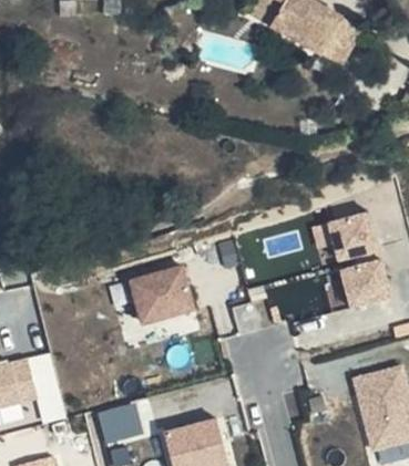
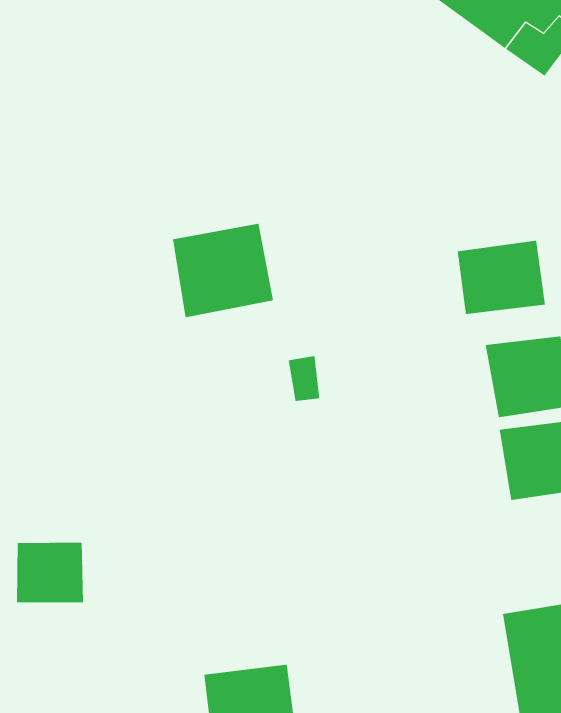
building: none -> [457,240,545,315]
building: [125,268,187,327] -> [172,223,274,318]
building: [99,400,141,438] -> [16,542,84,603]

